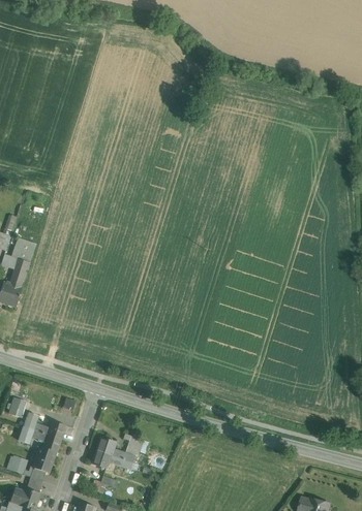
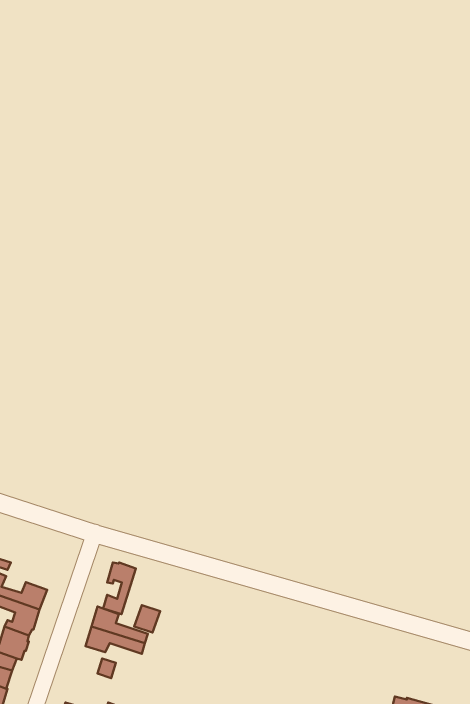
building: none -> [103,562,136,614]

